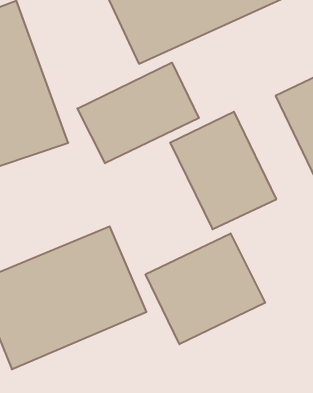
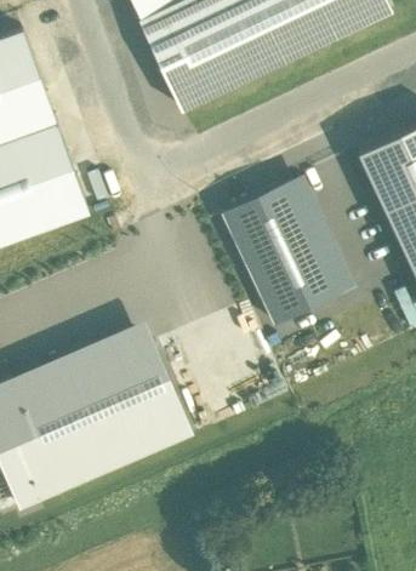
building: [77,63,199,163] -> none
building: [146,233,265,344] -> none

